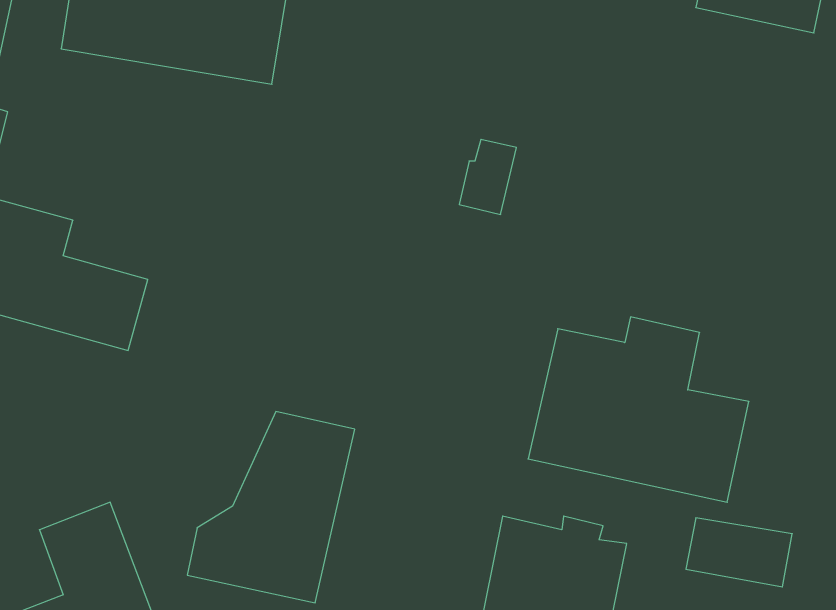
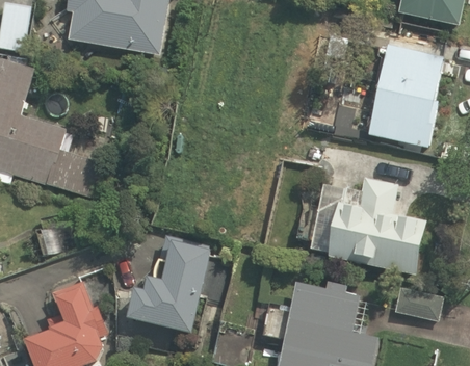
building: none -> [365,46,441,150]

